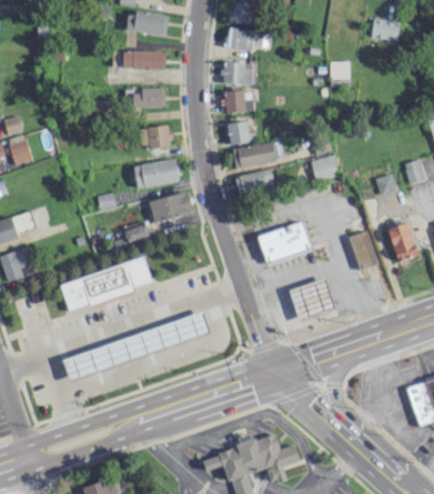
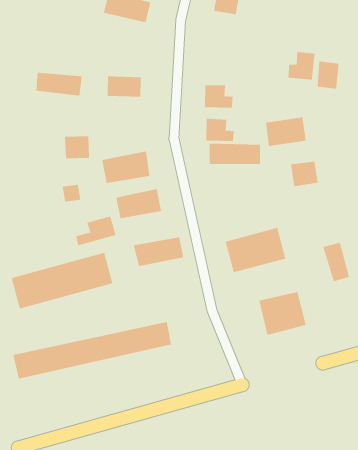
building: [225,27,264,51] -> none
building: [123,50,166,70] -> [36,72,83,96]
building: none -> [288,51,315,80]
building: [223,62,253,84] -> none
building: [148,125,173,149] -> [64,136,90,159]
building: [235,169,275,199] -> [265,117,306,146]
building: none -> [133,237,184,267]

